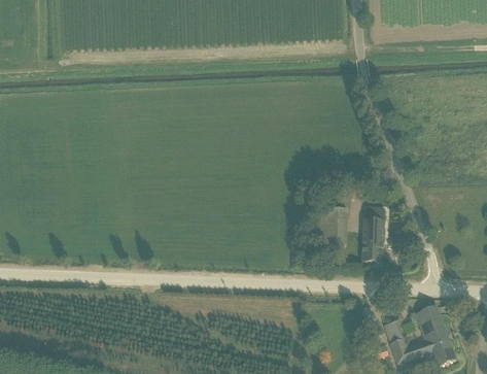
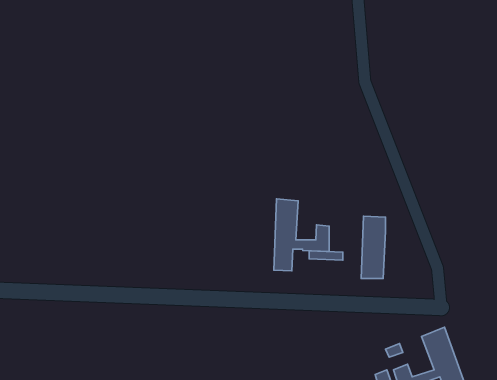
building: none -> [274,199,329,271]

